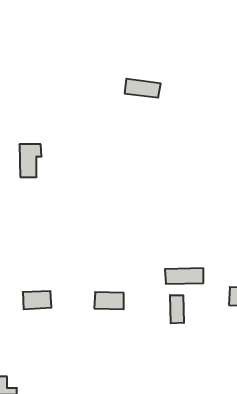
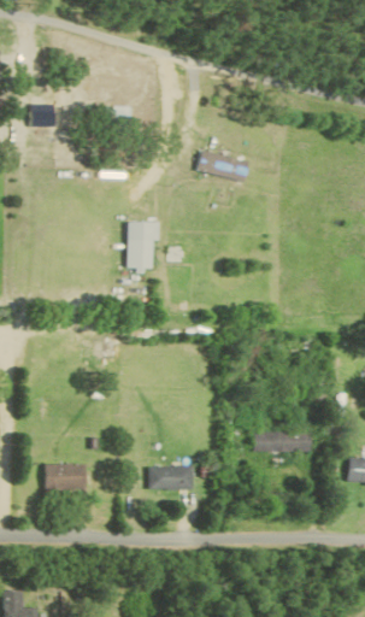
building: [19,144,42,177] -> [123,222,155,270]
building: [170,295,184,323] -> none

